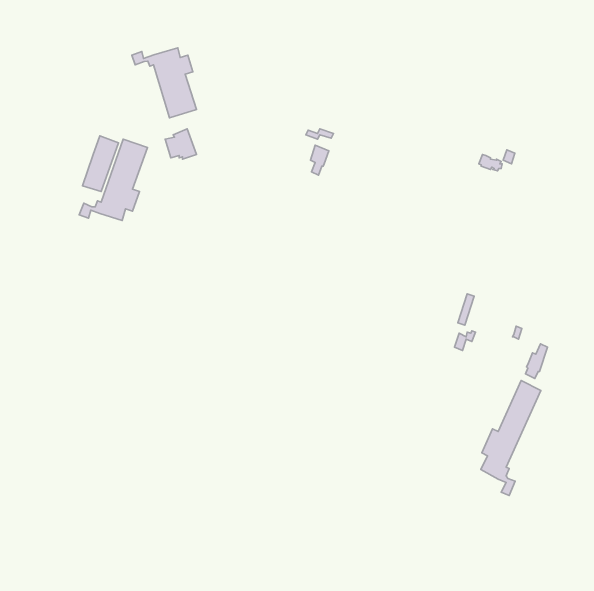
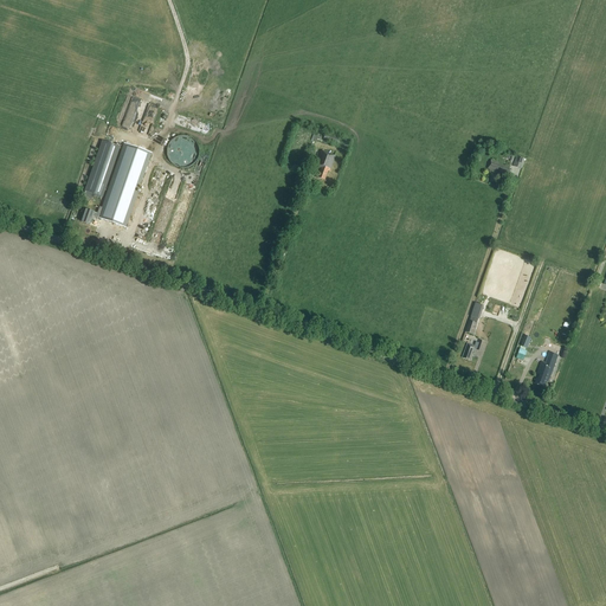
building: [132,48,196,118] -> none
building: [481,380,541,496] -> none

